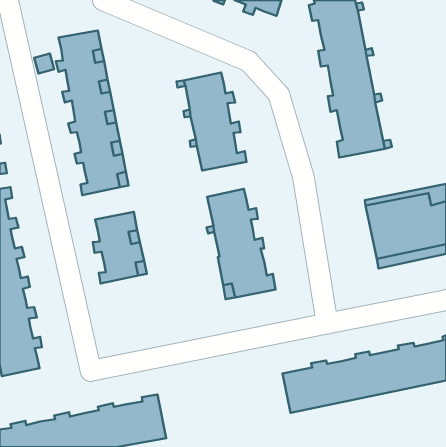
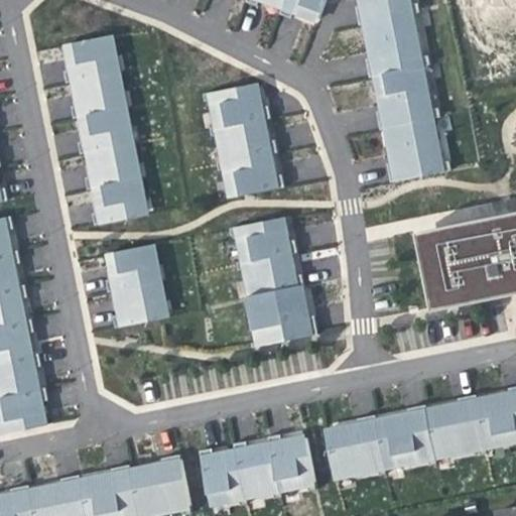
building: none -> [201,434,315,502]

